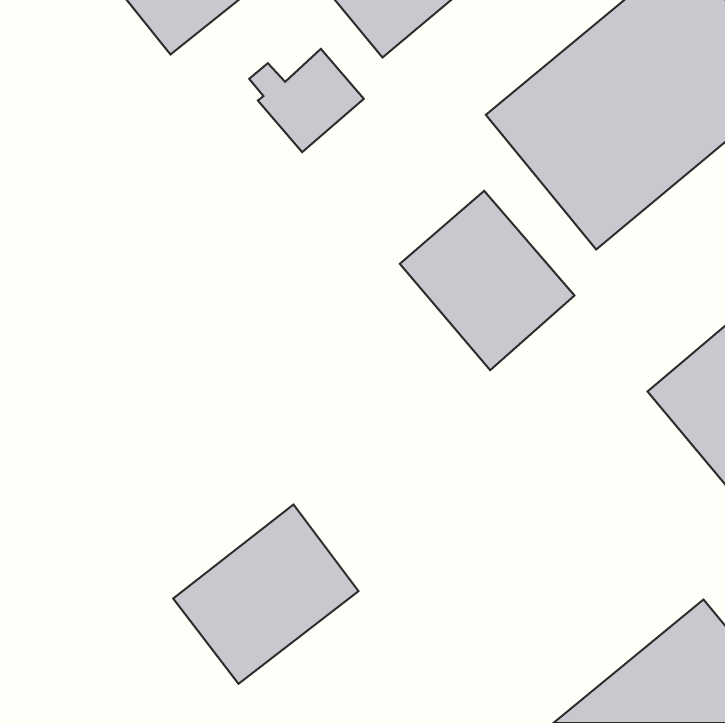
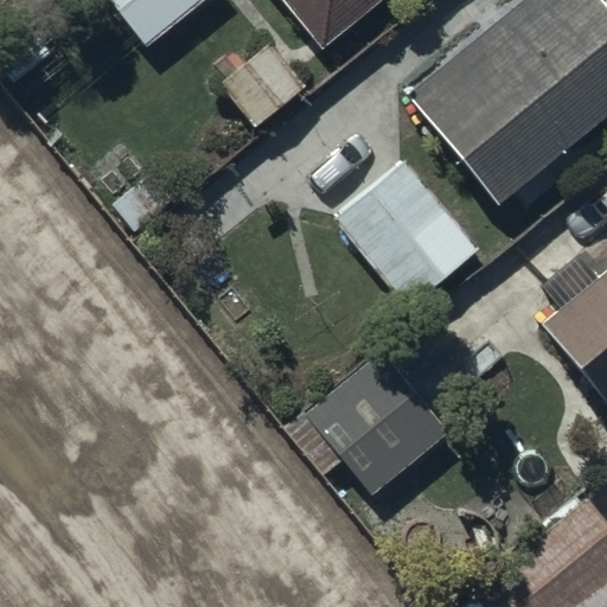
building: none -> [286,349,452,496]
building: [173,504,359,684] -> none

